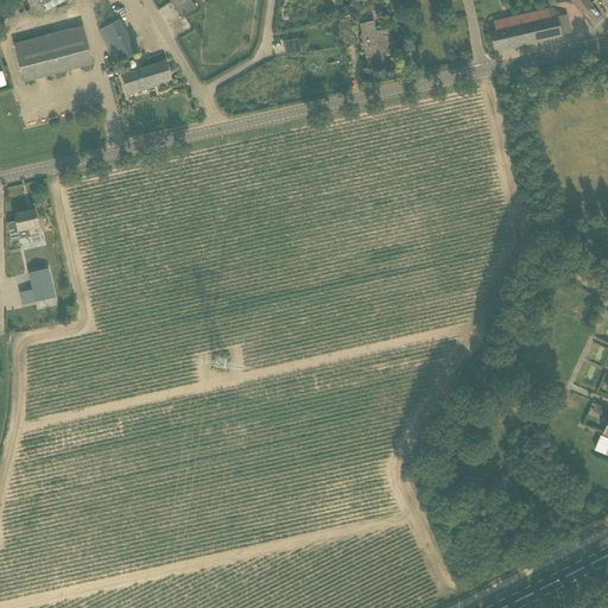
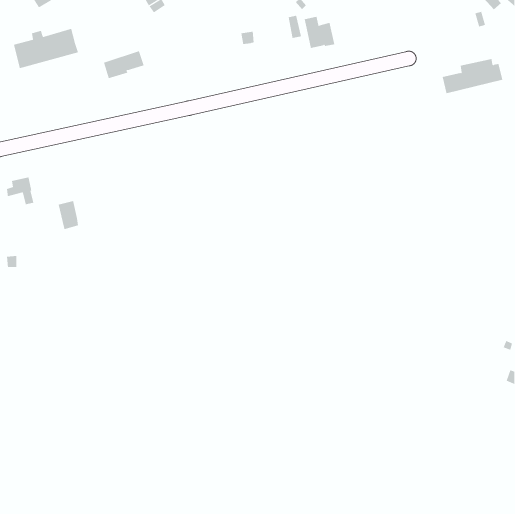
building: [488,8,560,50] -> [442,58,503,94]
building: [102,17,137,59] -> none
building: [28,266,53,300] -> [58,200,79,230]

